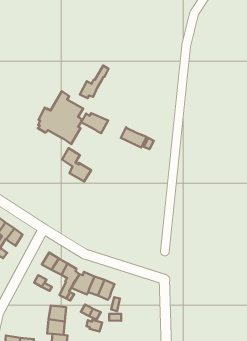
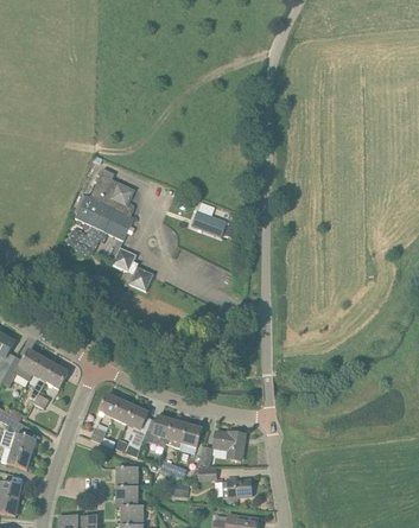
building: [80,66,108,98] -> none
building: [81,113,108,133] -> none
building: none -> [214,431,243,458]
building: none -> [222,477,250,500]

